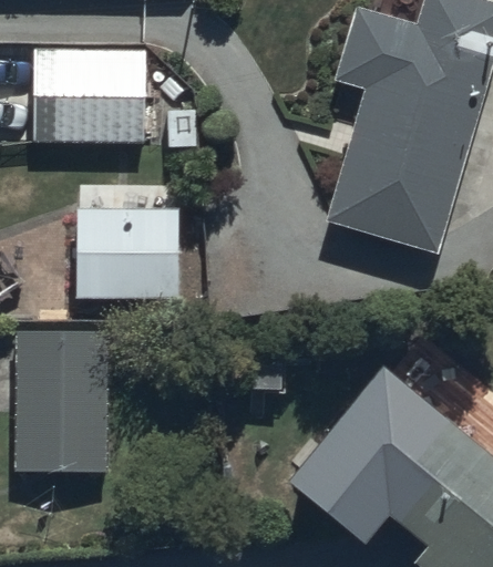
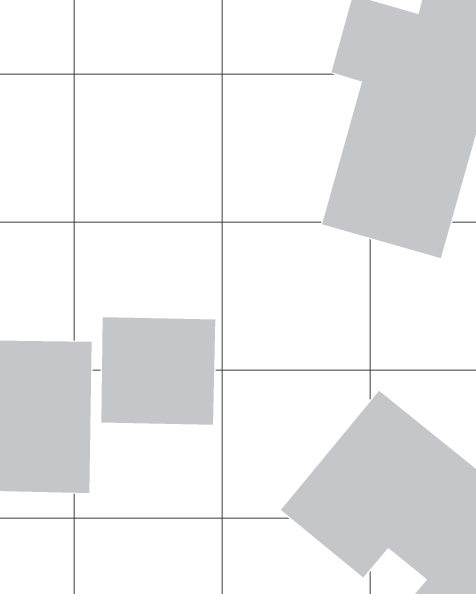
building: [33,45,148,148] -> none
building: [74,197,183,299] -> [101,317,216,425]

